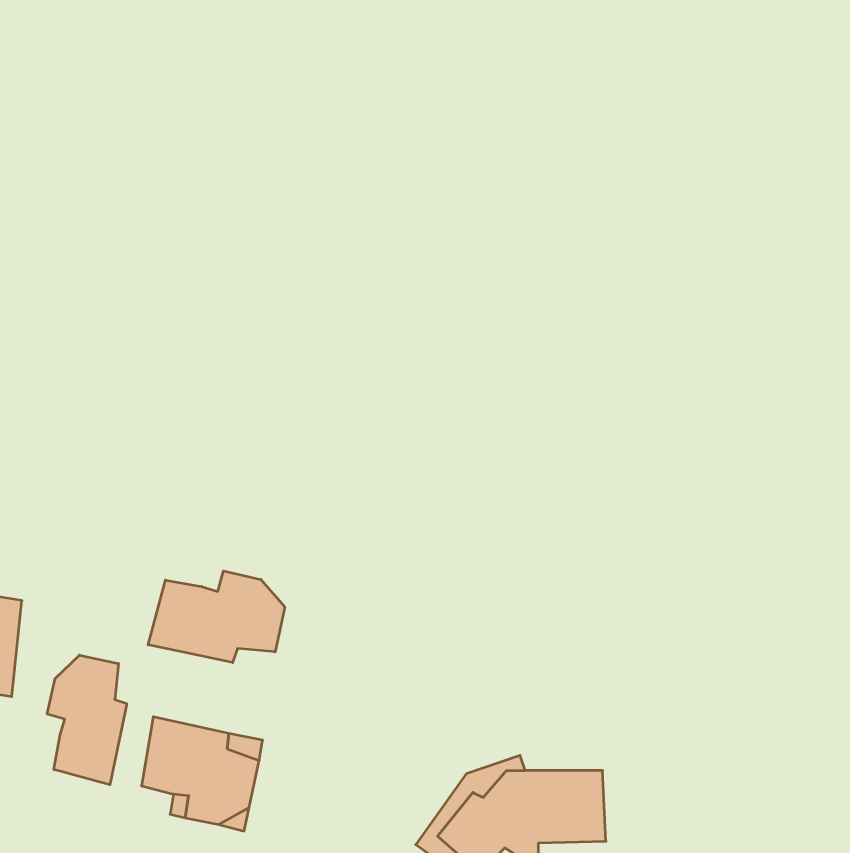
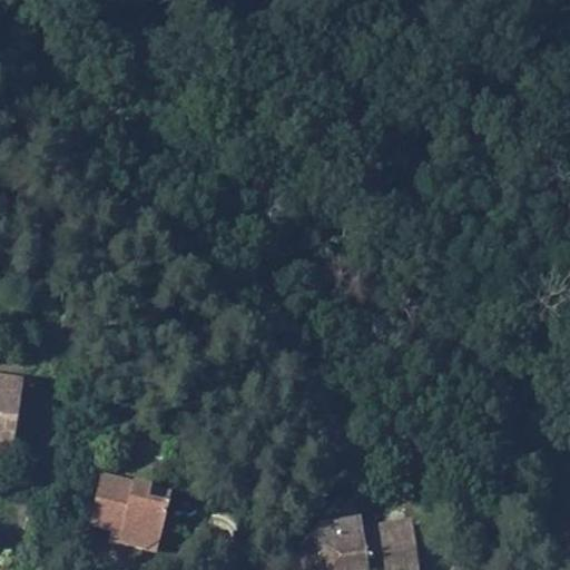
building: [148,571,285,663] -> none
building: [47,655,127,785] -> none

